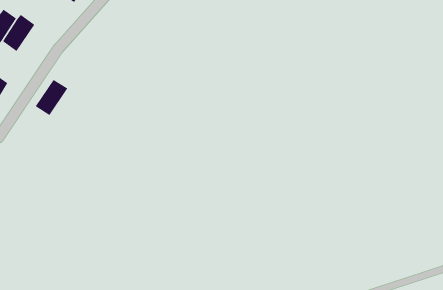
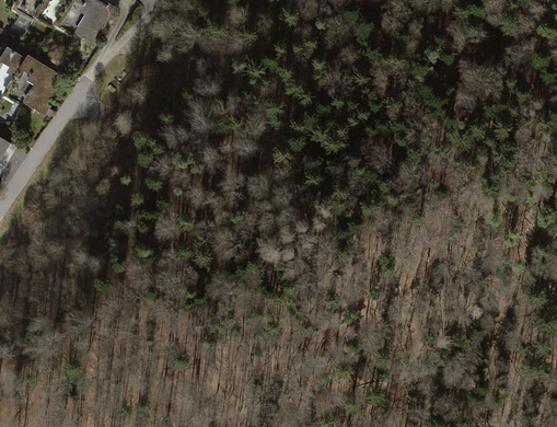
building: [35,79,68,116] -> [22,68,63,114]

